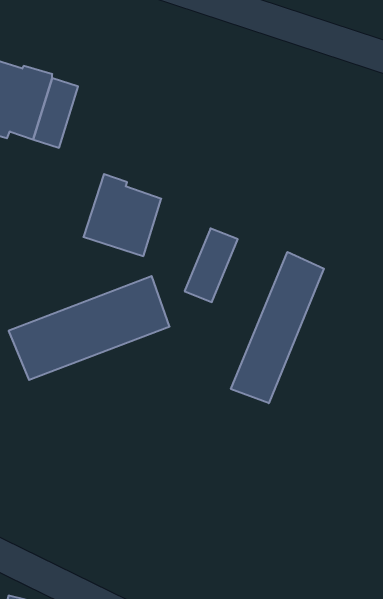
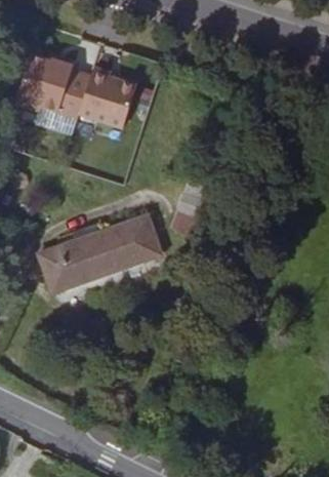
building: [83,174,161,256] -> [78,67,136,128]
building: [231,252,324,403] -> none

